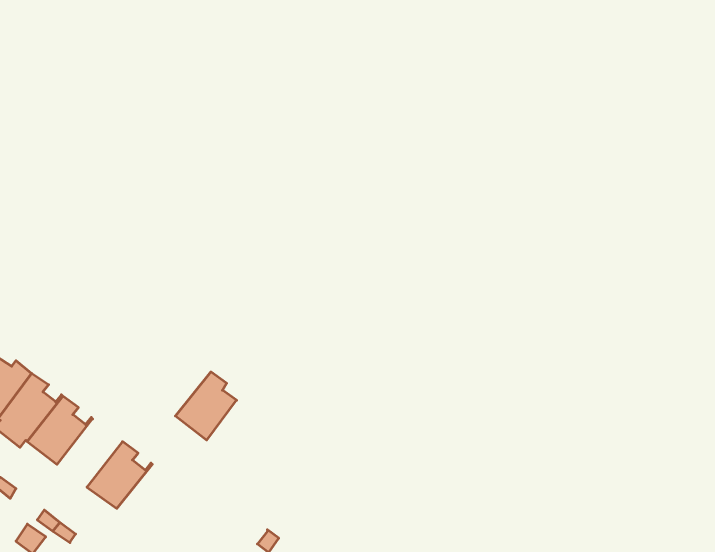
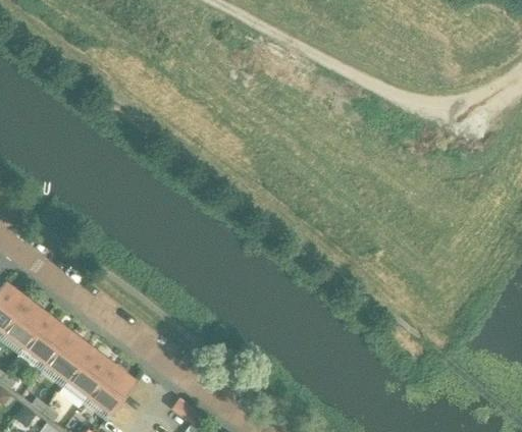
building: [175,372,237,440] -> [87,363,130,412]
building: none -> [44,330,91,379]

